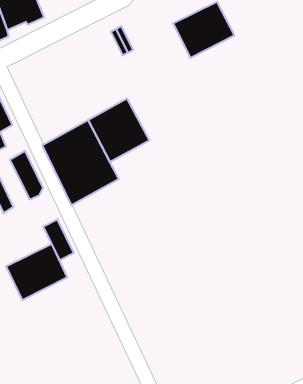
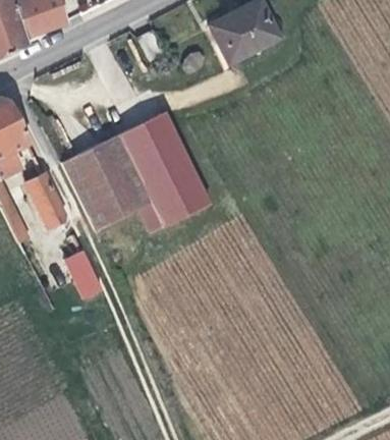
building: none -> [140,159,207,226]
building: [6,244,67,300] -> none

